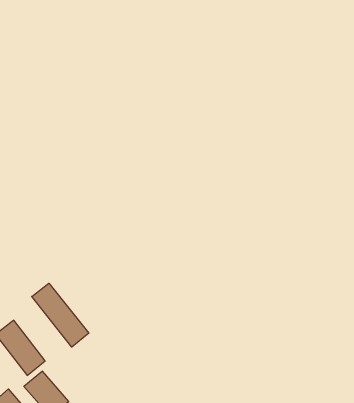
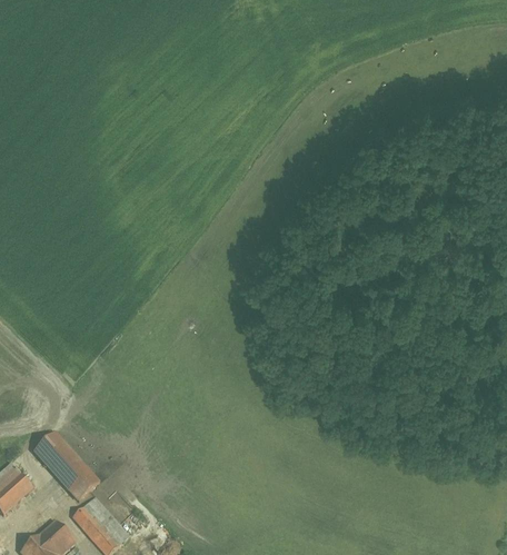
building: [32,283,89,347] -> none

